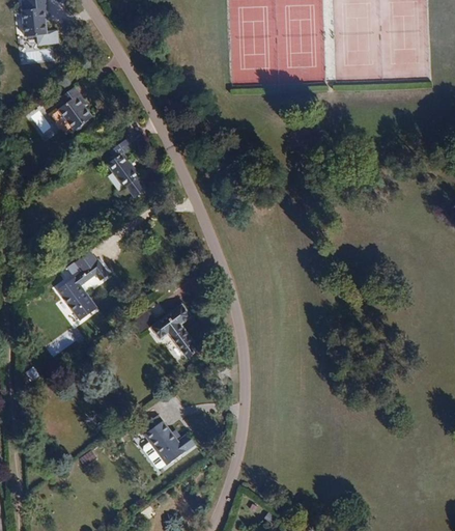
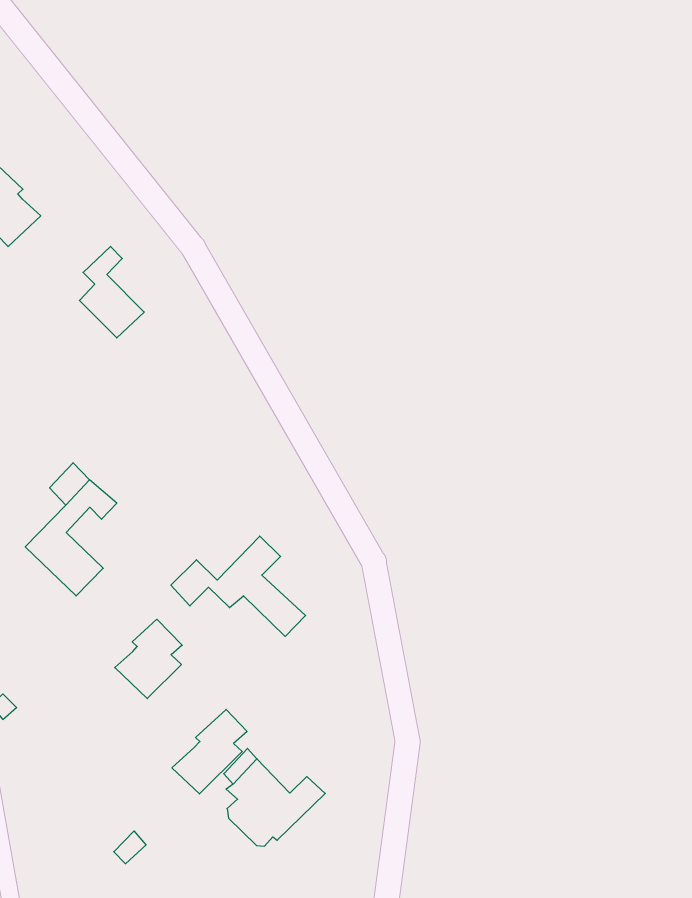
building: none -> [115,619,182,699]
building: none -> [172,709,247,794]

